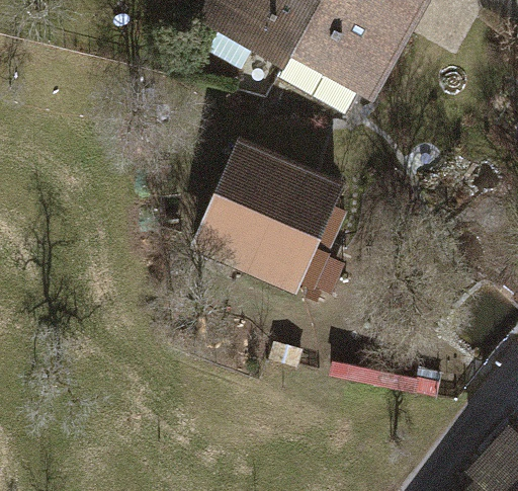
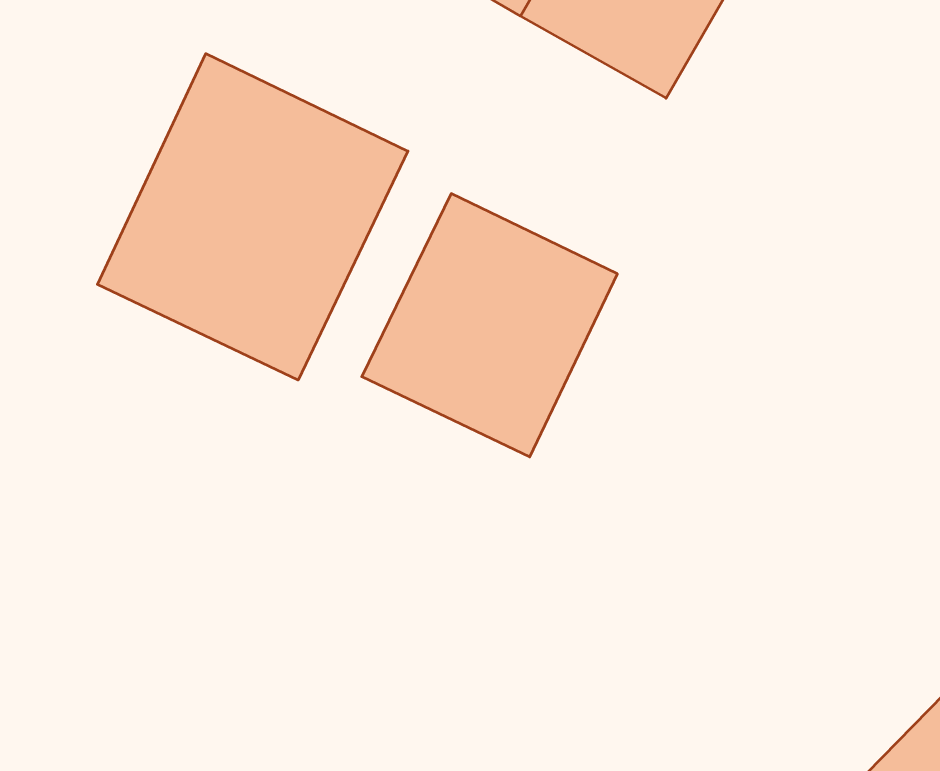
building: none -> [97,54,408,380]

